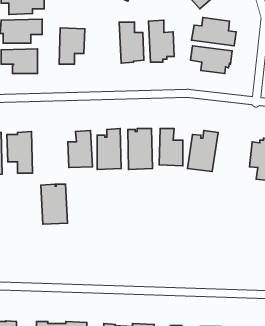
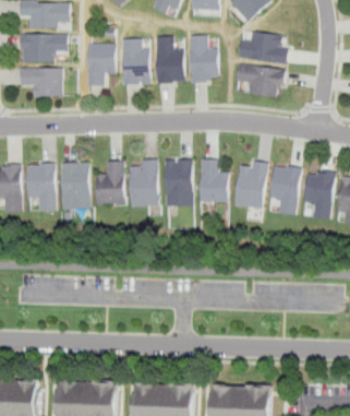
building: none -> [121,39,150,85]
building: none -> [269,167,301,215]
building: [41,184,68,224] -> [60,163,90,209]

